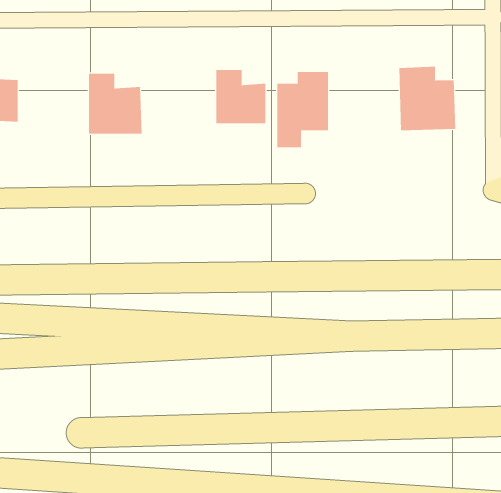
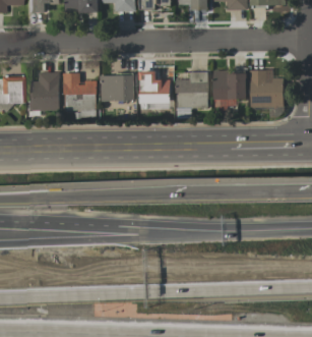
building: none -> [212,70,246,105]
building: none -> [26,72,59,111]
building: none -> [100,75,134,101]

